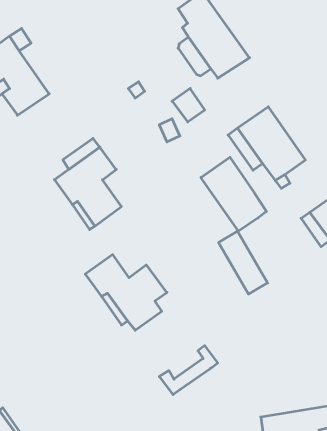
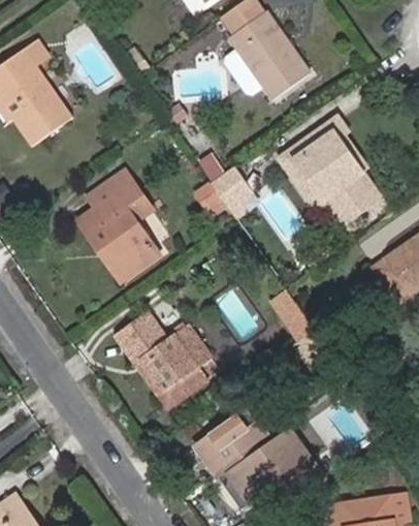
building: [172,88,205,122] -> [212,168,251,209]
building: [201,157,266,231] -> none
building: none -> [195,423,256,461]
building: none -> [228,429,313,505]

